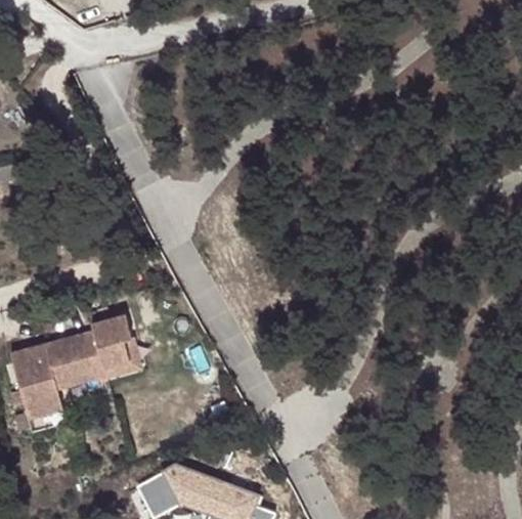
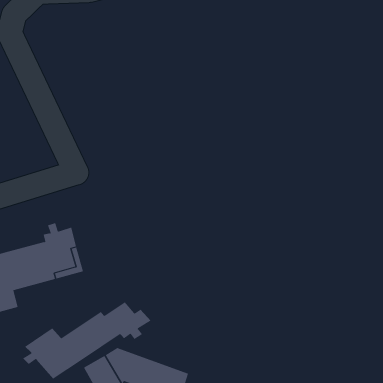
building: none -> [22,301,151,379]

